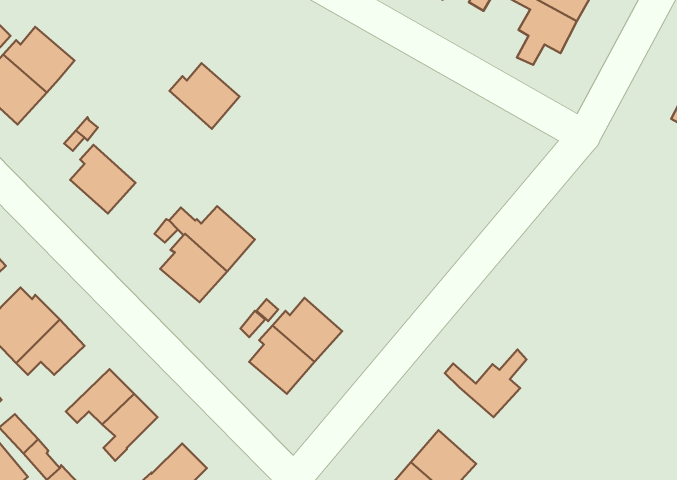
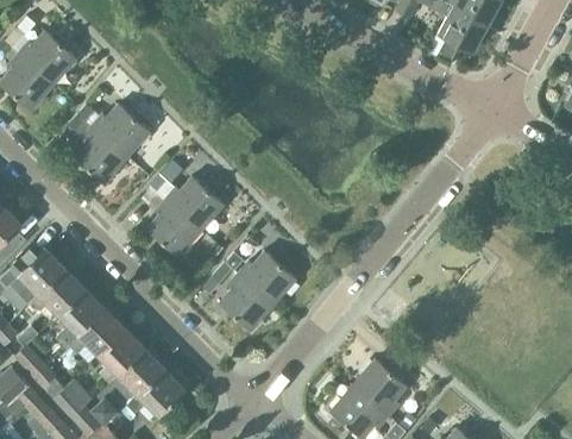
building: [169,63,239,129] -> [92,104,149,157]
building: none -> [56,290,105,347]
building: [445,349,526,417] -> none
building: none -> [119,349,164,395]

